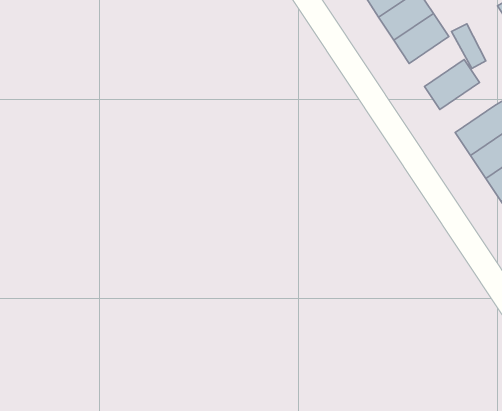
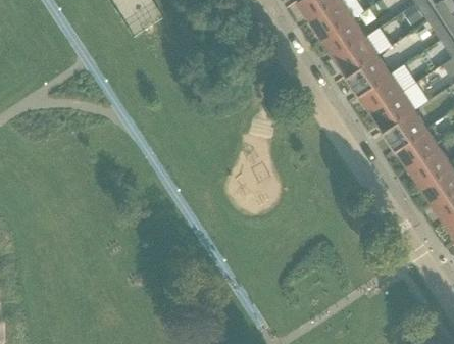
building: none -> [335,38,379,78]
building: none -> [359,75,403,114]

